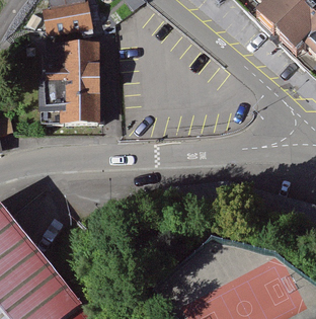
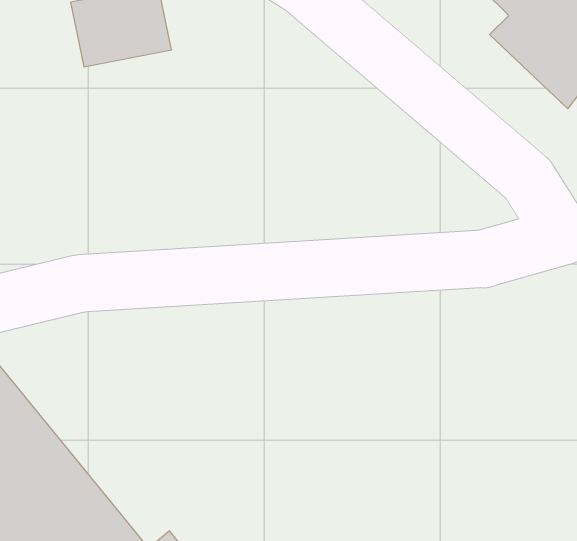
building: [48,46,103,129] -> none

